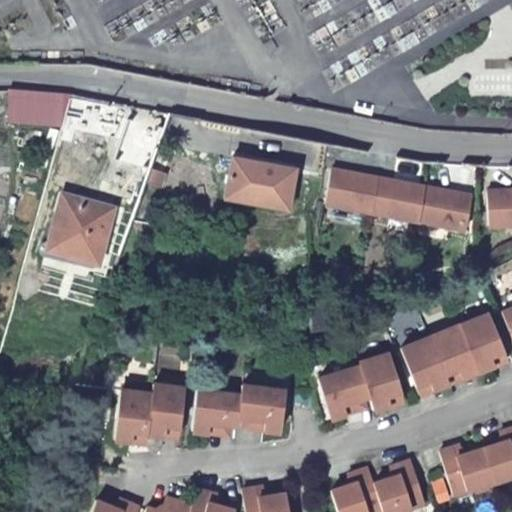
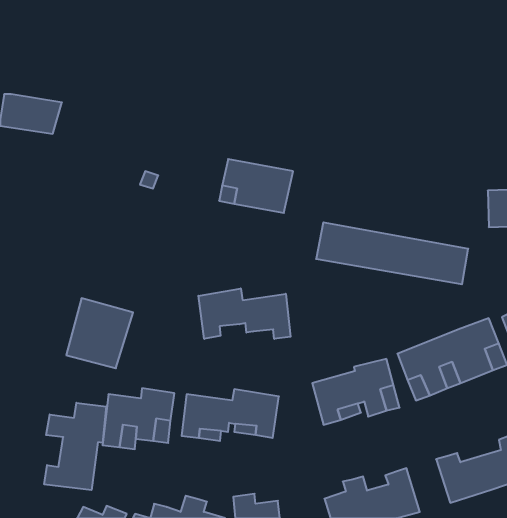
building: [326,167,476,228] -> [316,222,468,284]
building: [48,203,114,272] -> [66,298,133,368]
building: none -> [198,288,291,339]
building: none -> [44,403,106,490]

